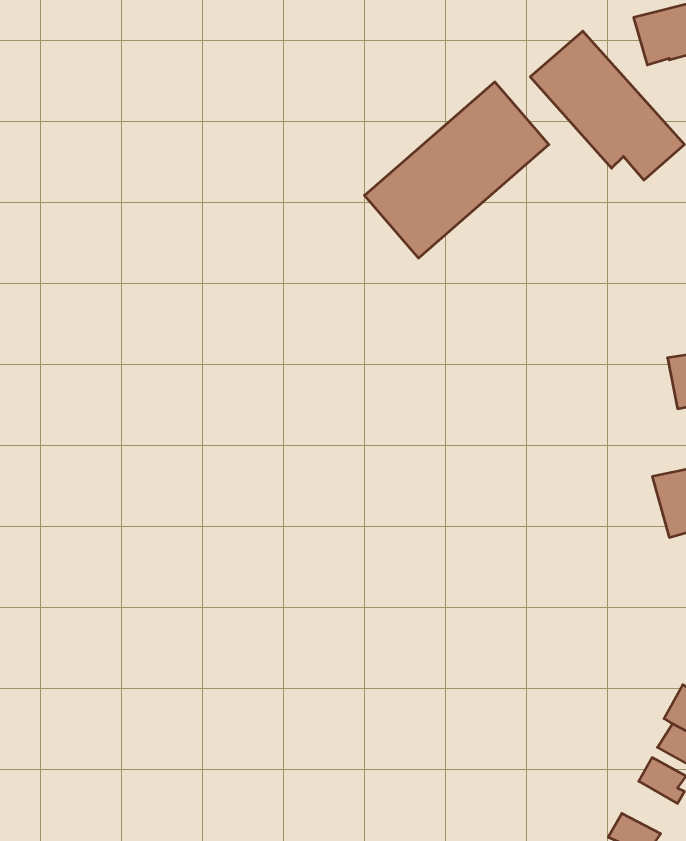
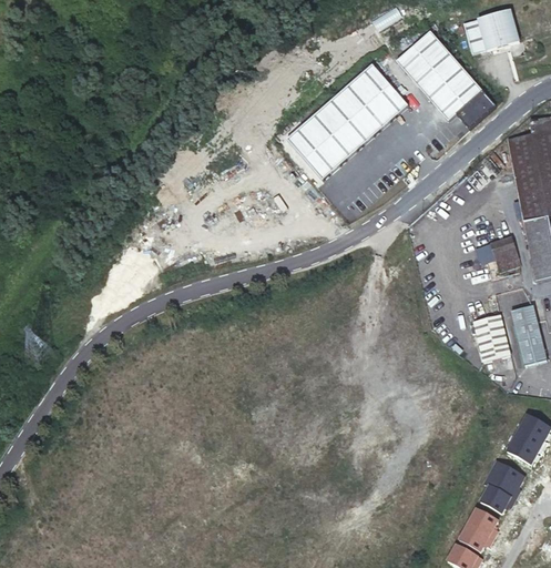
building: none -> [459,521,492,549]

